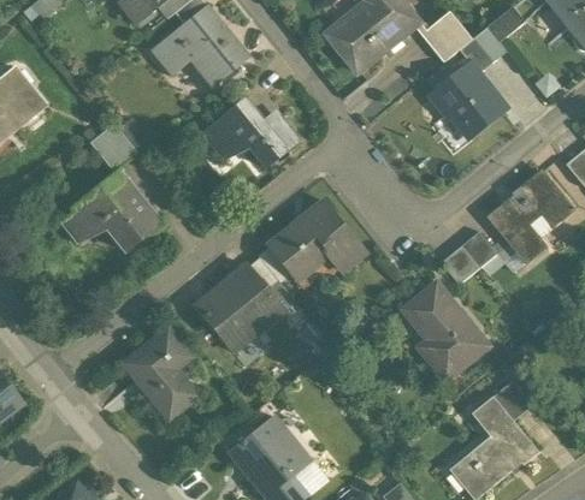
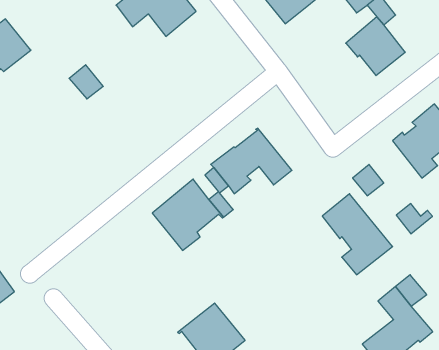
building: [200,96,300,167] -> none
building: [59,168,161,251] -> none
building: [461,231,506,268] -> [396,204,432,234]
building: [120,327,196,419] -> none

